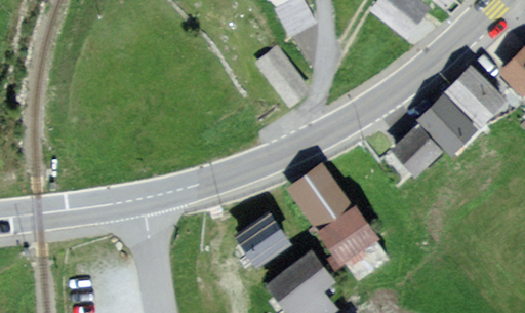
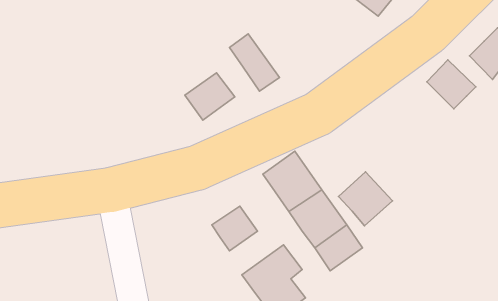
building: none -> [185,73,235,120]
building: [426,103,472,149] -> none
building: [390,126,443,180] -> [339,172,393,226]

